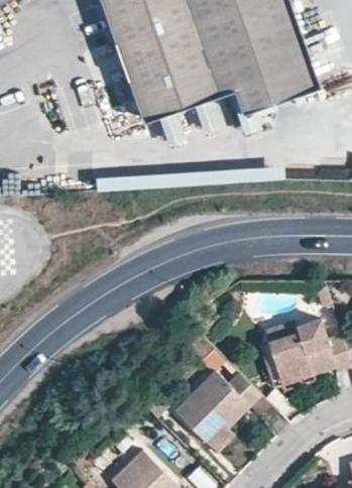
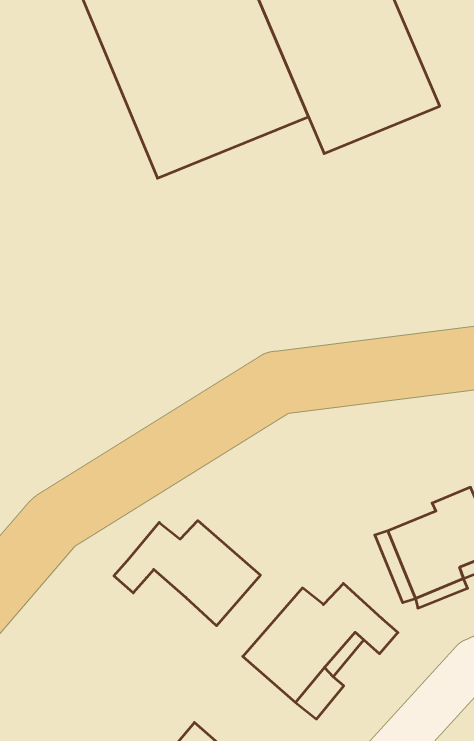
building: none -> [114,521,260,626]

